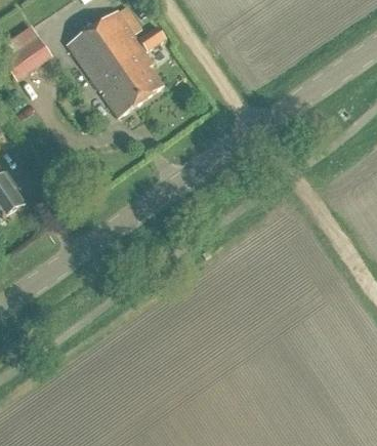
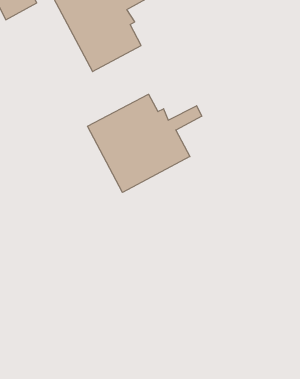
building: none -> [88,94,202,192]

